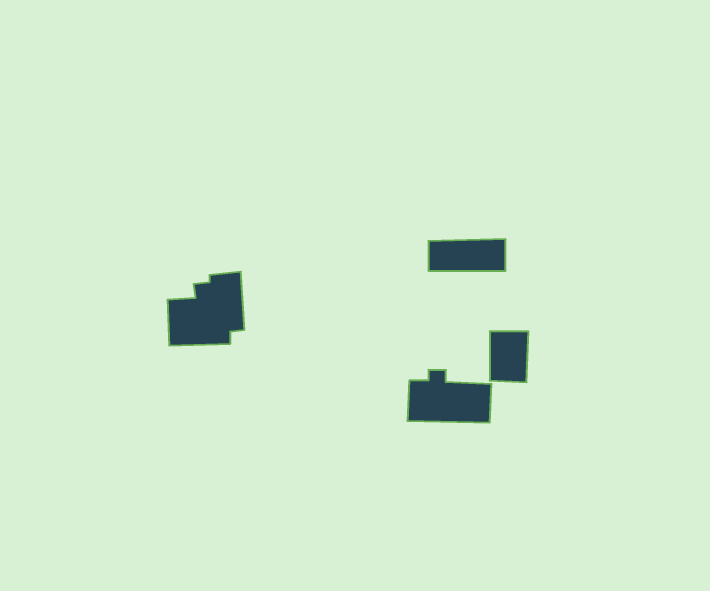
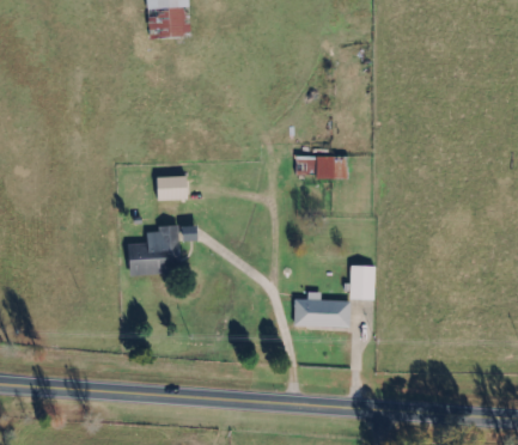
building: none -> [154,176,189,201]
building: [428,239,506,271] -> [295,156,348,177]

